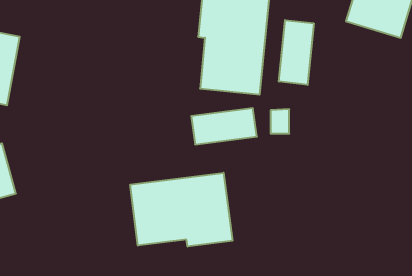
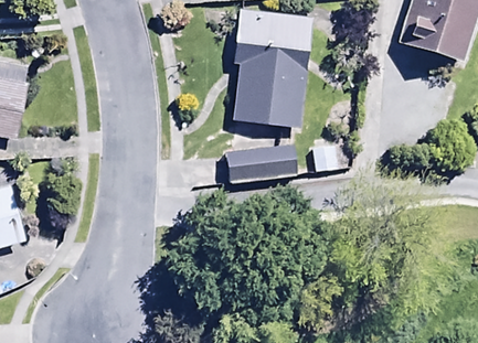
building: [279,20,314,85] -> none
building: [130,173,232,247] -> none

